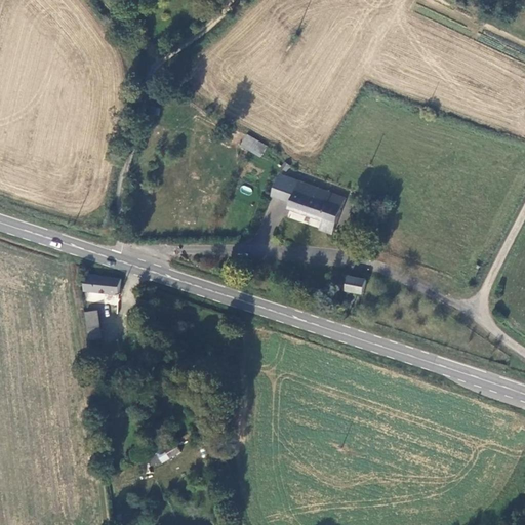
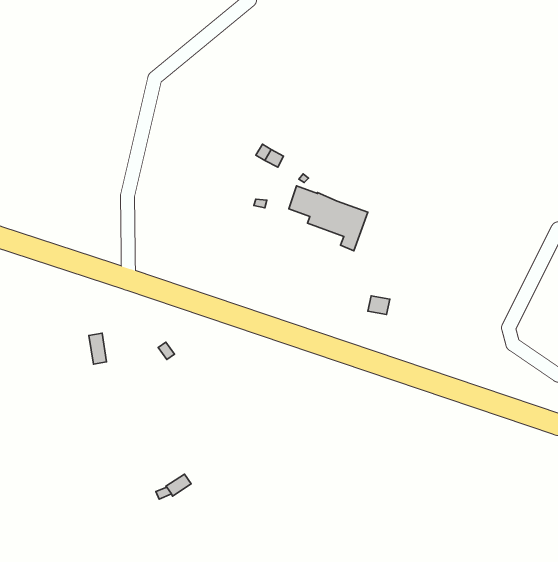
building: [82,274,118,294] -> none

